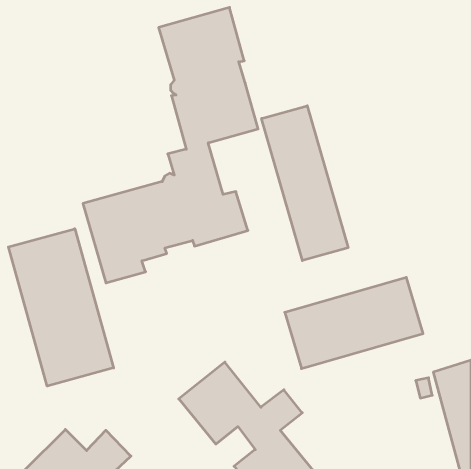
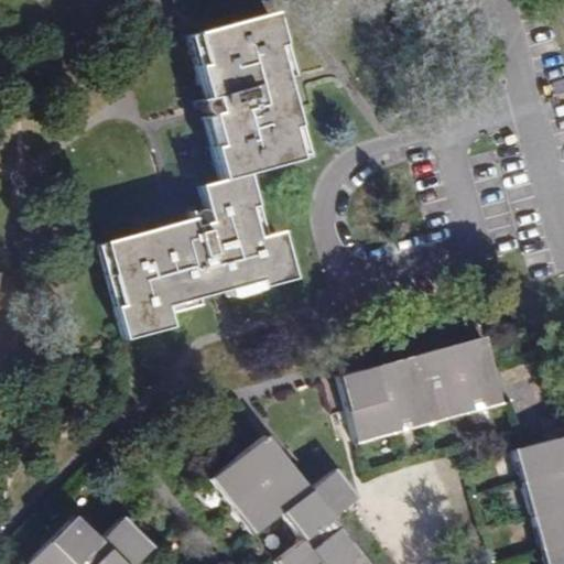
building: [262,106,348,261] -> none
building: [8,229,114,386] -> none

